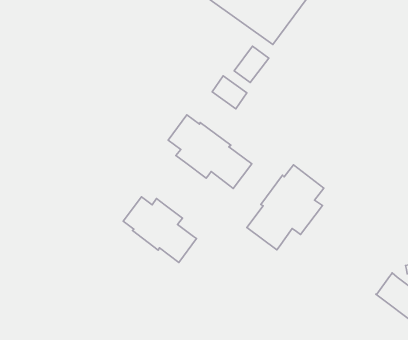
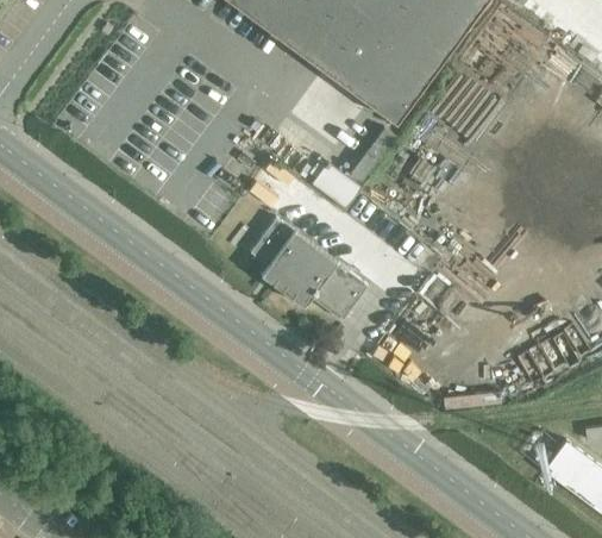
building: [247,165,324,250] -> none
building: [123,197,197,263] -> none

